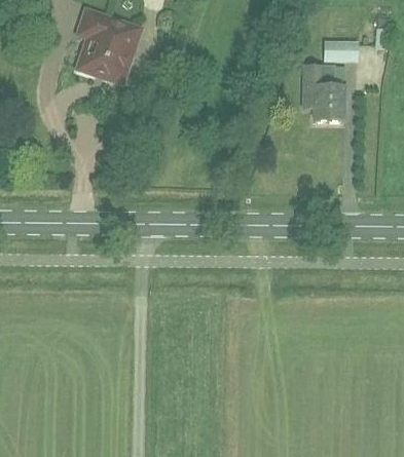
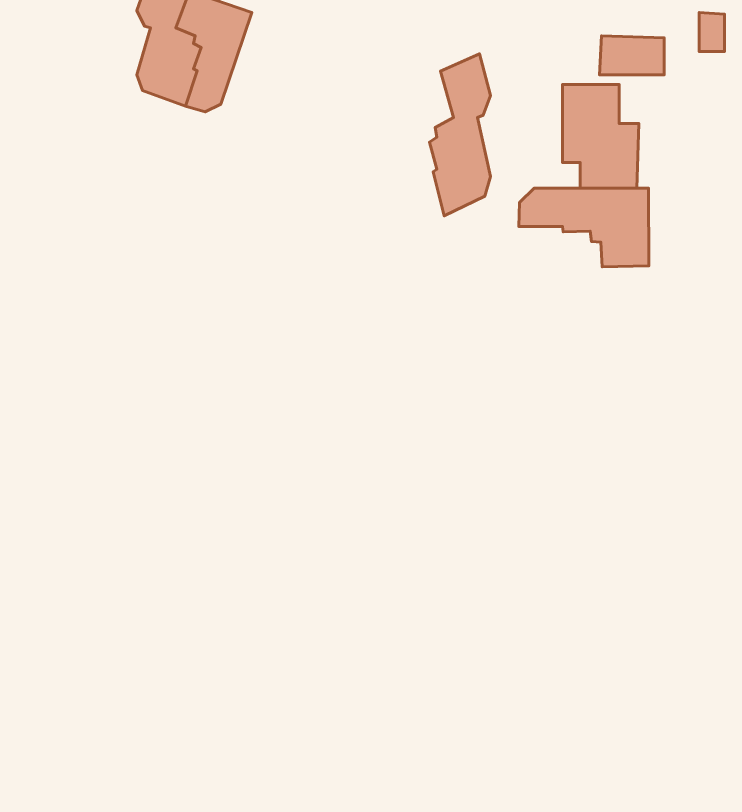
building: none -> [430,54,490,216]
building: none -> [519,188,649,267]

